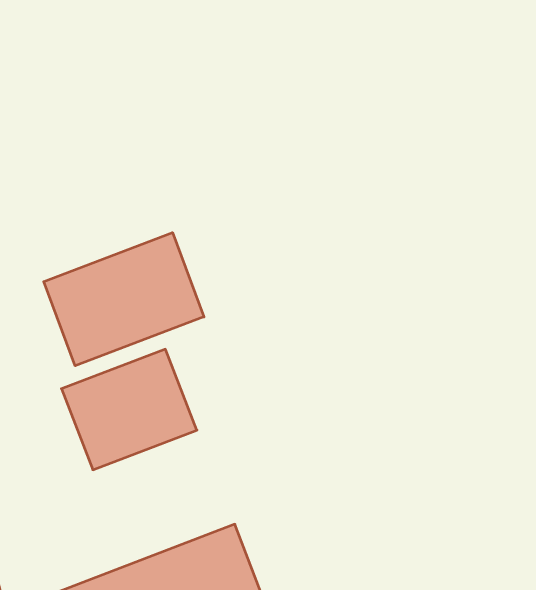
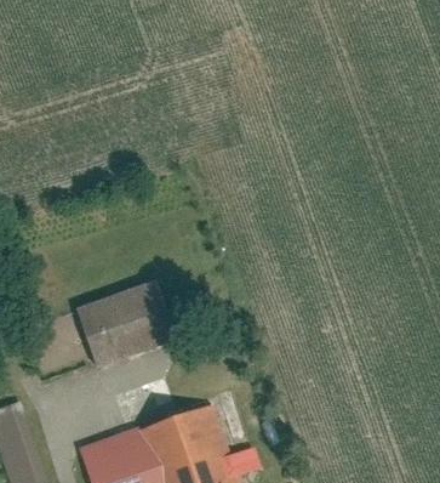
building: [44,233,204,366] -> none

